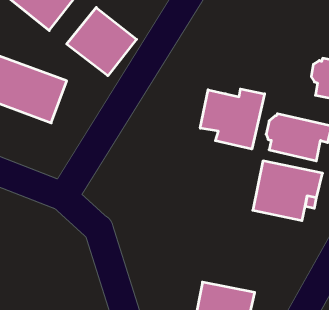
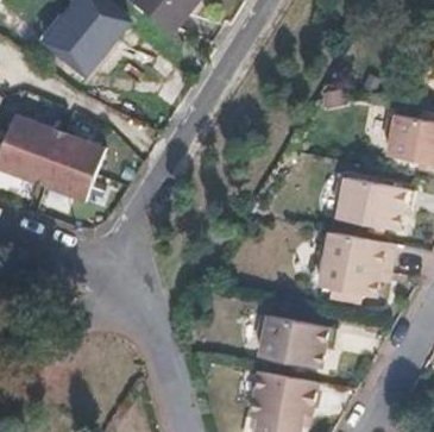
building: [67,7,137,76] -> none
building: [200,89,265,149] -> none
building: none -> [259,313,342,367]

